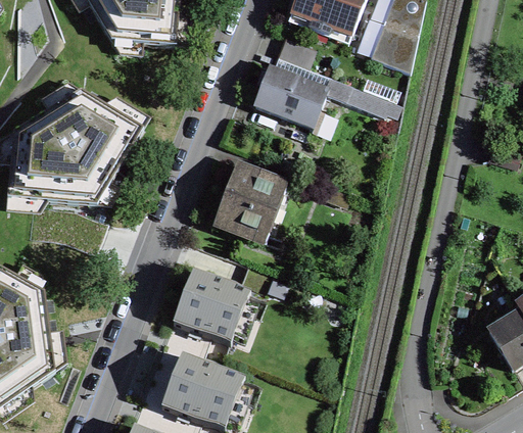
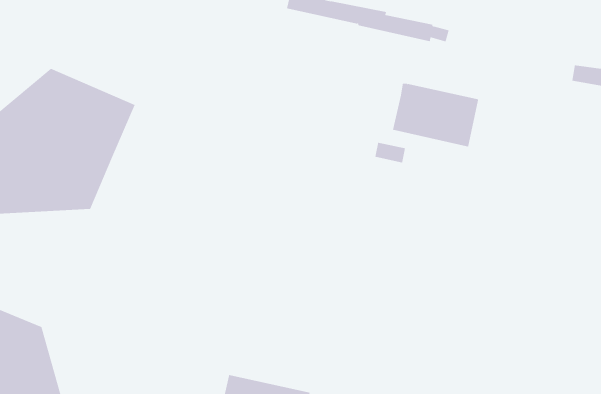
building: [252,68,324,127] -> [392,83,479,147]
building: [216,167,277,238] -> none
building: [173,267,249,340] -> none

